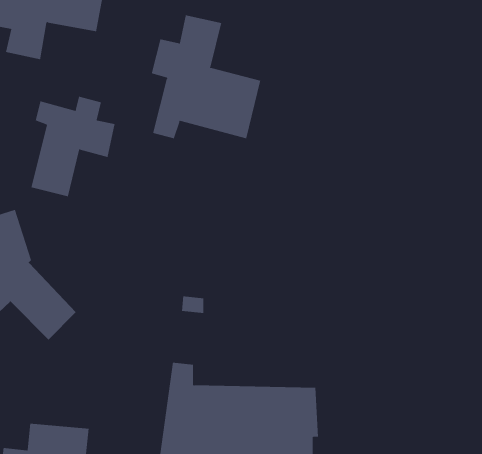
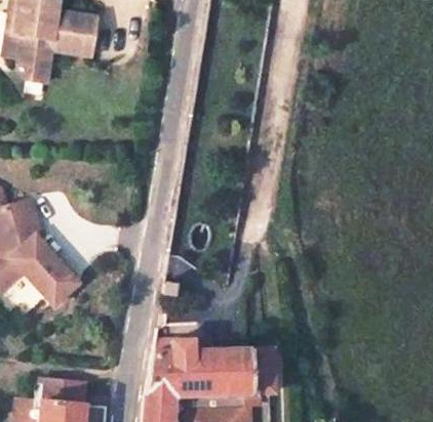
building: [151,15,261,139] -> none
building: [31,96,115,197] -> none

